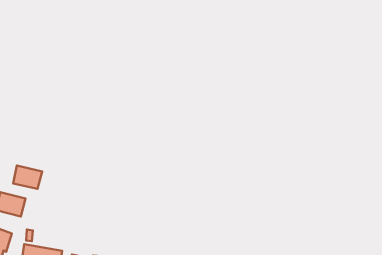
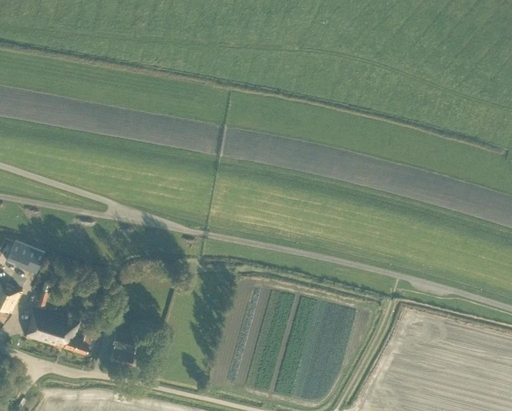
building: [13,165,42,189] -> none

